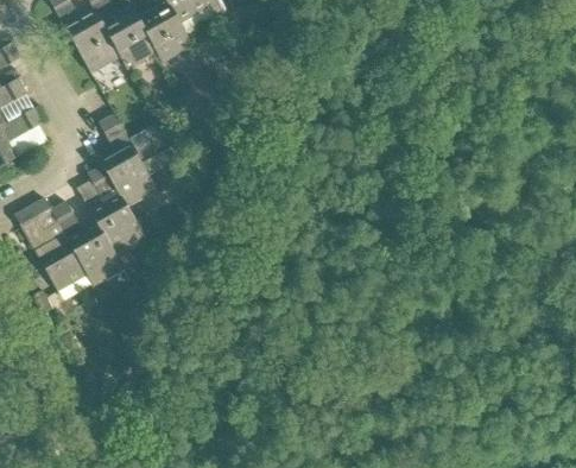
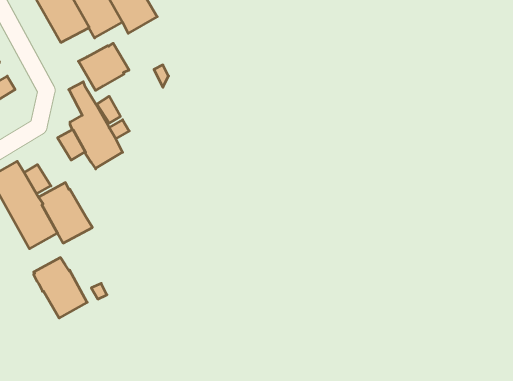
building: none -> [78,43,129,90]
building: [90,192,147,257] -> [34,258,87,318]

